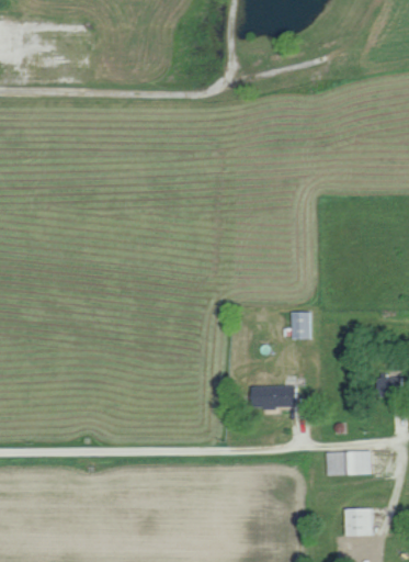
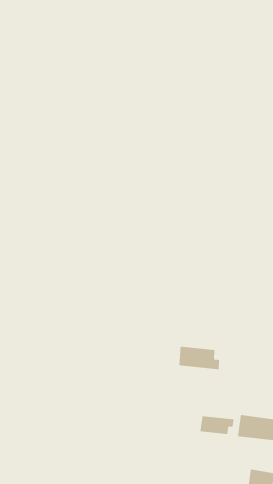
building: [291,312,309,338] -> none
building: none -> [200,415,234,435]

